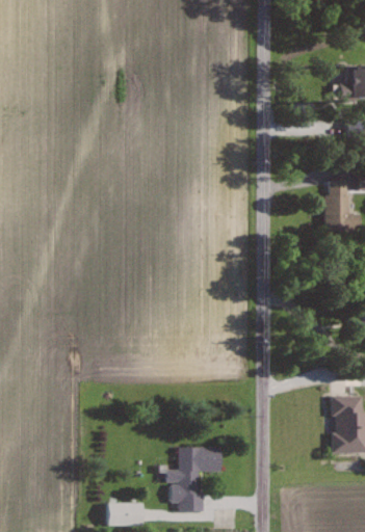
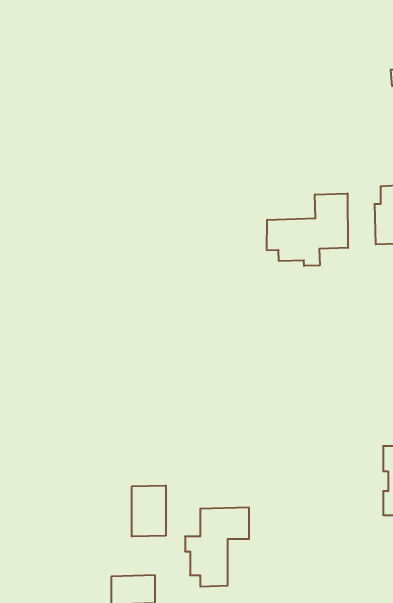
building: none -> [267,193,348,266]
building: none -> [132,485,166,537]

